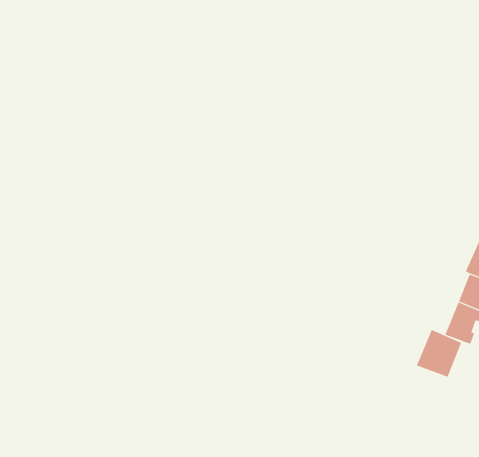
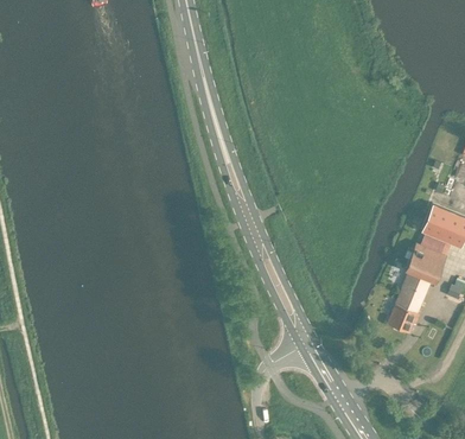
building: [416,329,462,378] -> none

